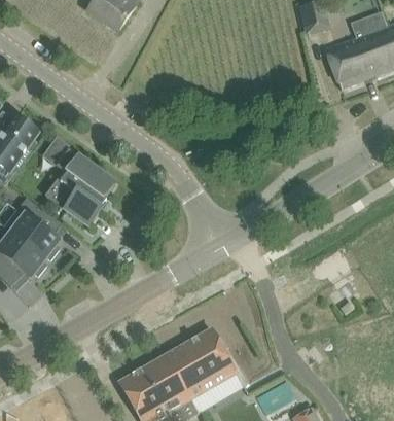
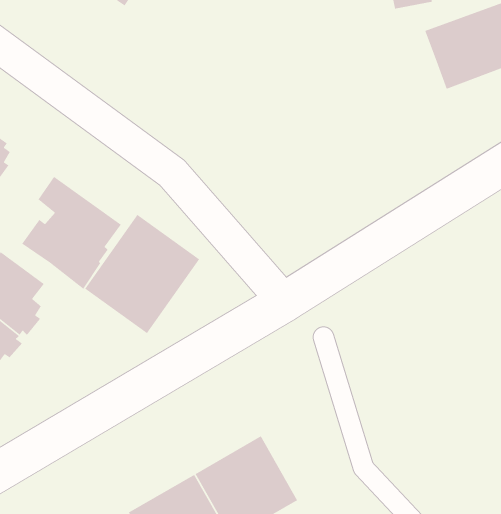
building: none -> [84,214,200,334]

